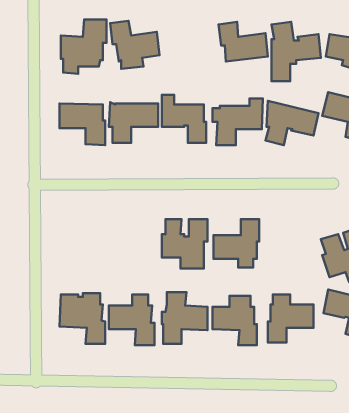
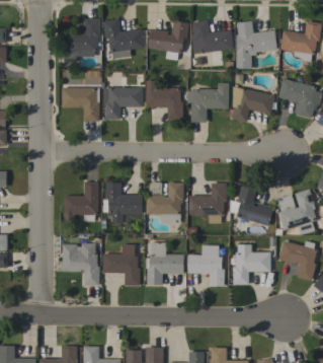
building: none -> [147,20,188,60]
building: none -> [64,181,98,221]
building: none -> [102,183,142,223]
building: none -> [230,186,273,226]

